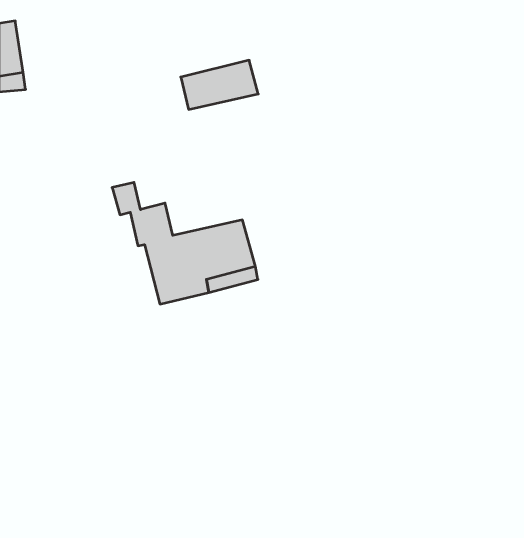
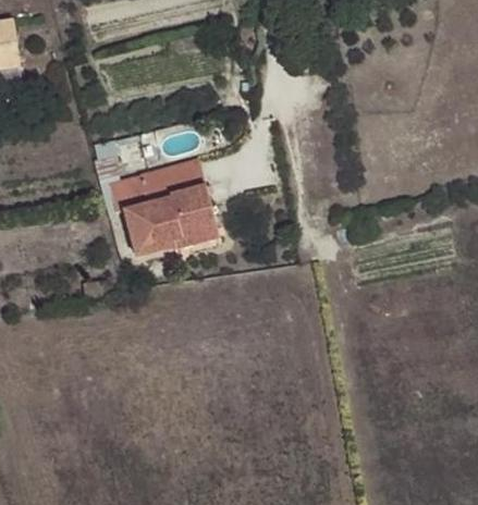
building: [181,60,258,109] -> [139,159,205,200]

